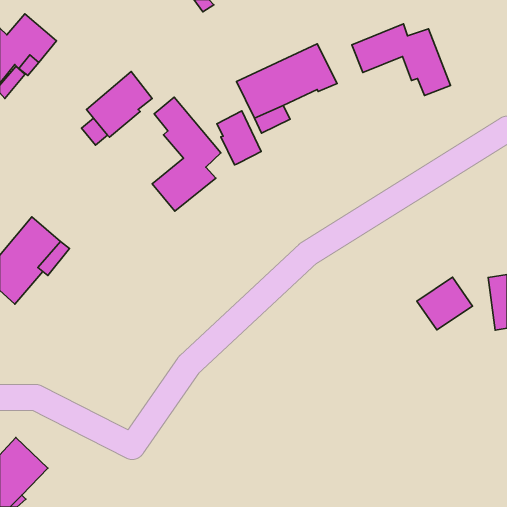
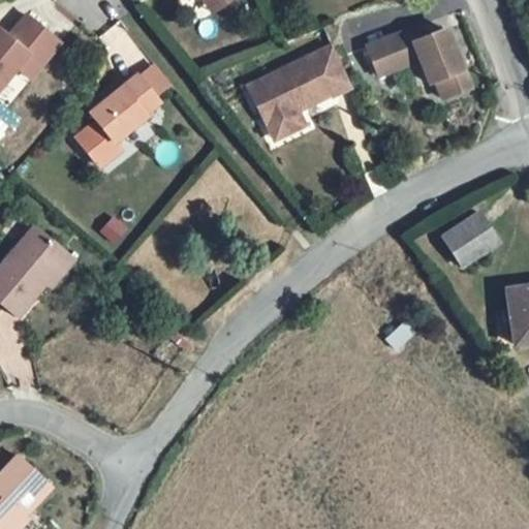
building: [152,97,221,211] -> none
building: [217,111,261,165] -> none
building: [417,277,473,330] -> [442,211,500,266]

